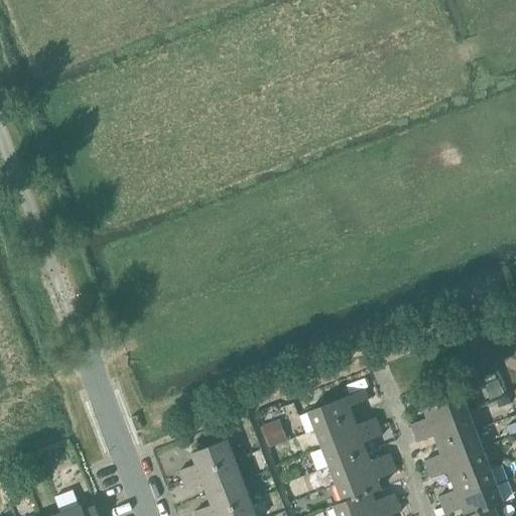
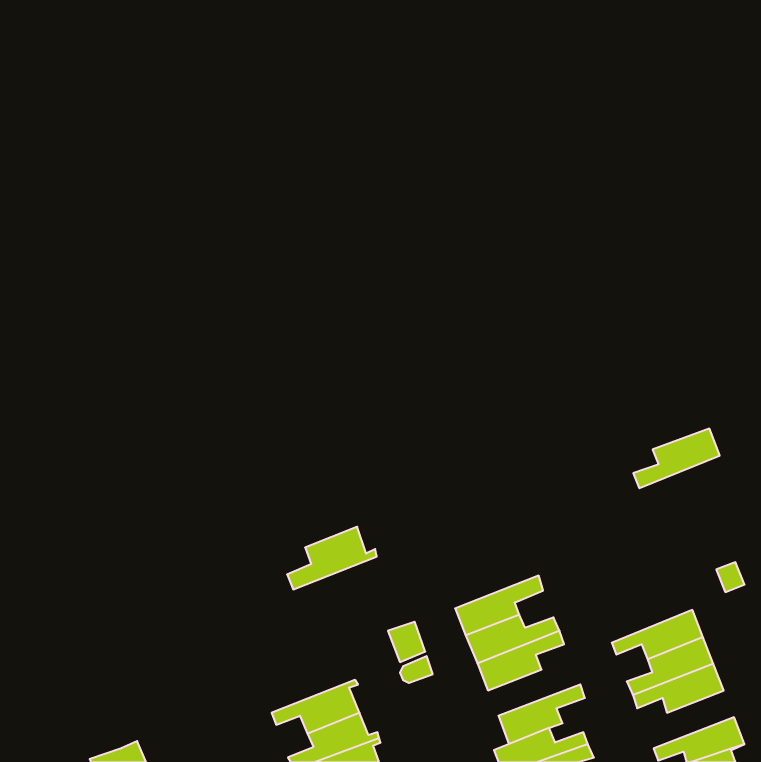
building: [409,394,468,434] -> [633,429,720,488]
building: [179,439,240,482] -> [287,527,377,589]
building: [330,453,392,484] -> none
building: [437,467,496,506] -> none

